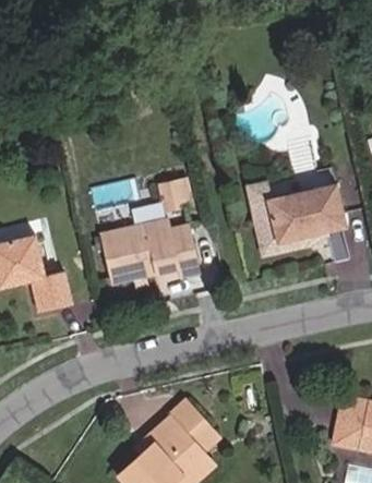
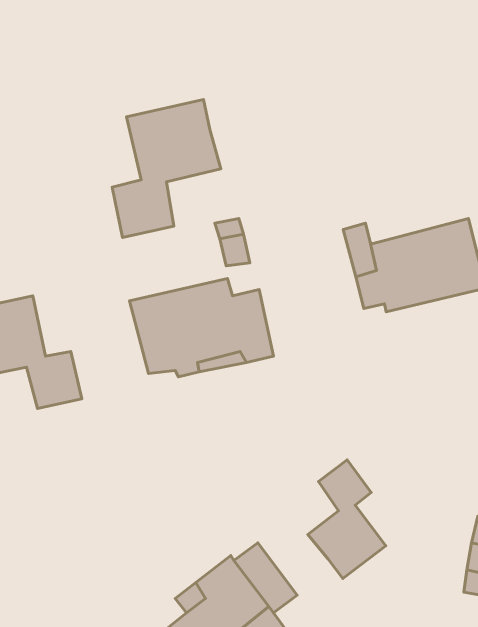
building: none -> [112,99,221,238]
building: none -> [308,460,386,578]

